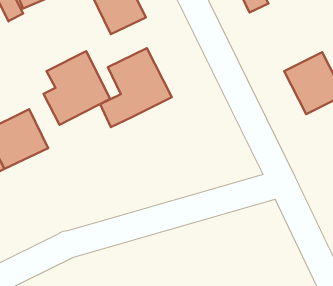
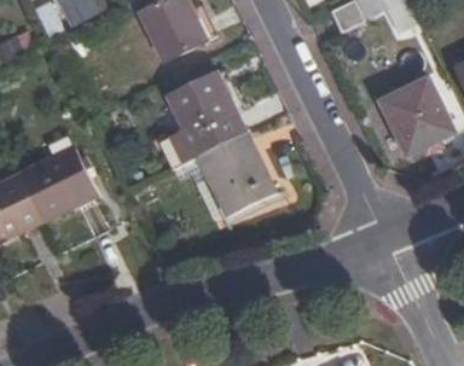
building: [43,51,110,125] -> [193,134,274,223]

